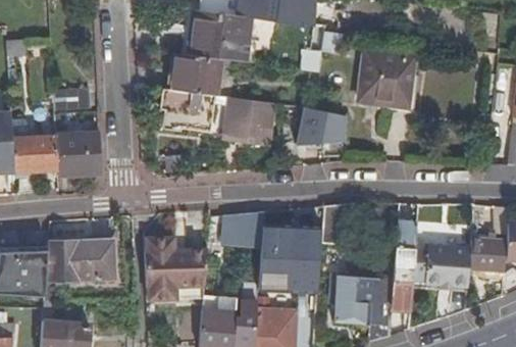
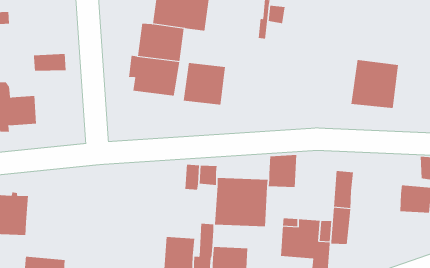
building: [358,50,413,106] -> [351,59,399,108]
building: [295,107,346,148] -> none
building: [54,132,101,176] -> none
building: [145,236,208,299] -> none
building: [45,239,114,281] -> none
building: [413,245,470,285] -> none

